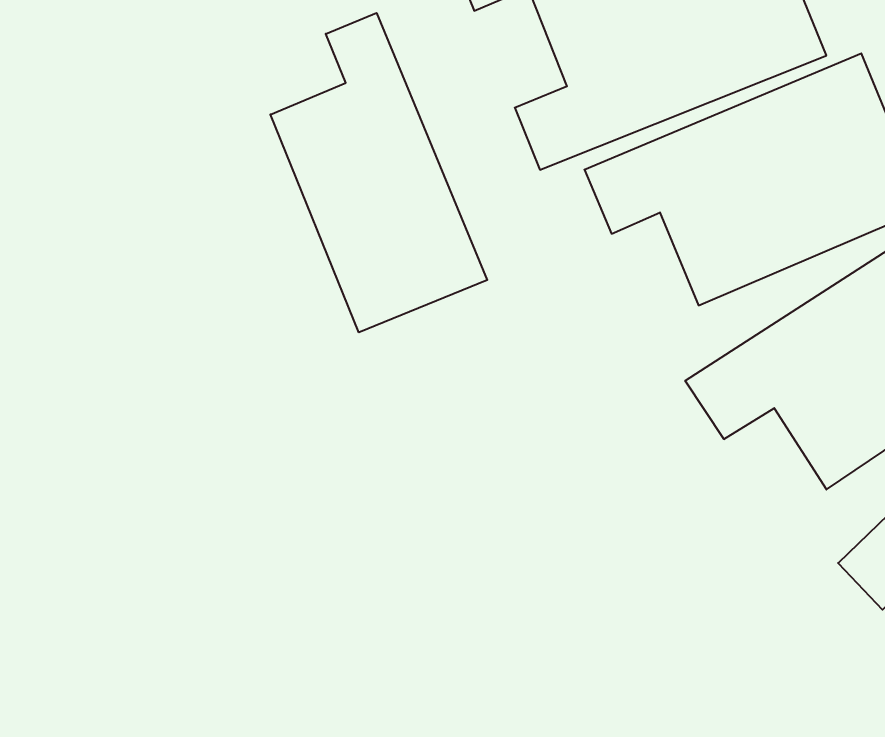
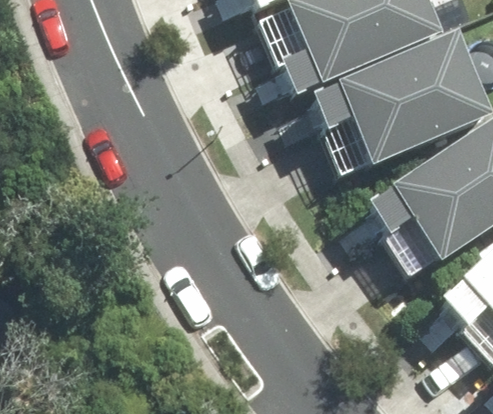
building: [270,13,487,332] -> none

